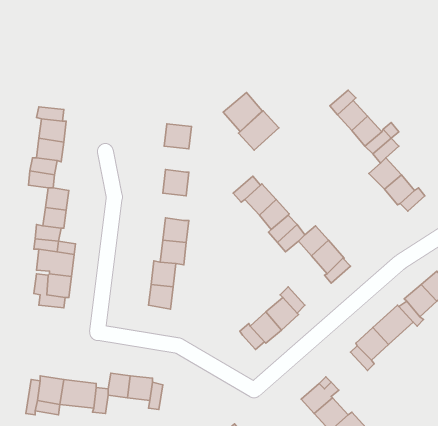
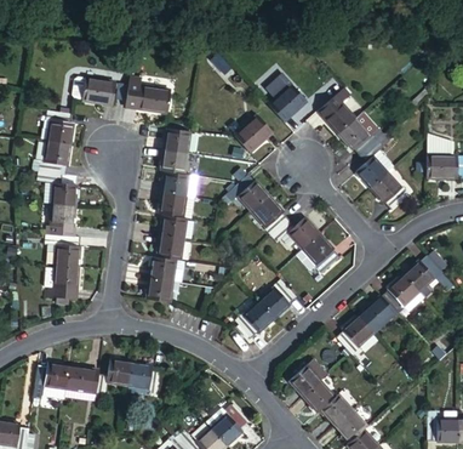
building: none -> [128,76,172,112]
building: none -> [87,80,118,104]
building: [223,93,262,132] -> [275,79,311,115]
building: none -> [161,148,188,172]
building: none -> [160,192,185,217]

